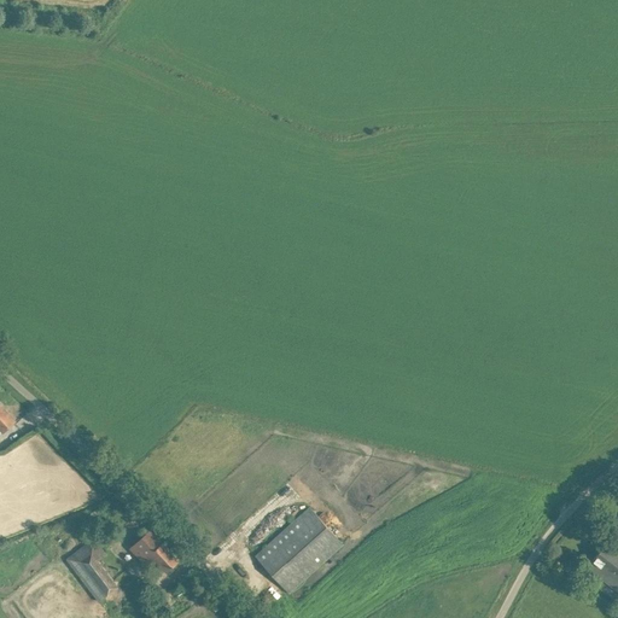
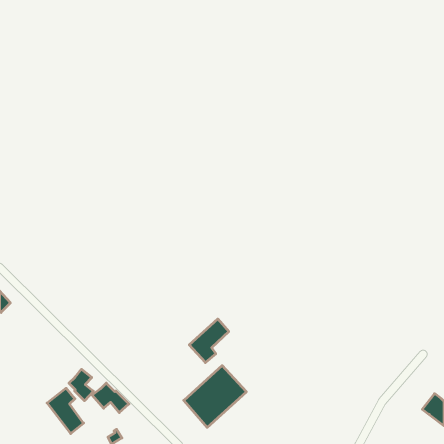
building: none -> [189,319,229,363]
building: none -> [69,369,93,401]

